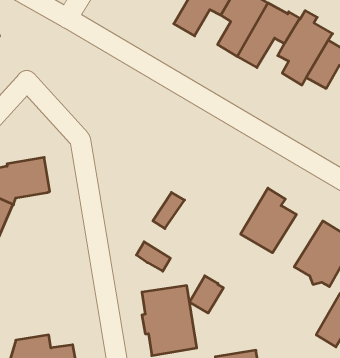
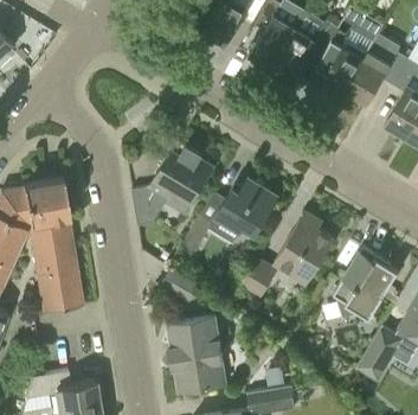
building: none -> [131,143,213,226]
building: none -> [214,178,278,235]
building: none -> [28,216,82,313]
building: [189,276,223,313] -> [242,257,278,298]

